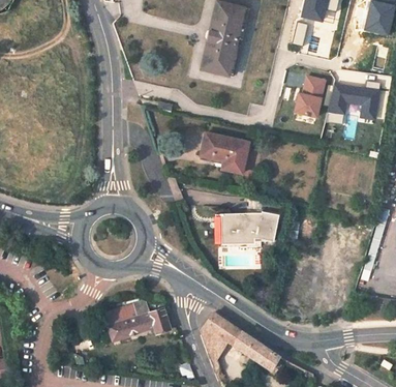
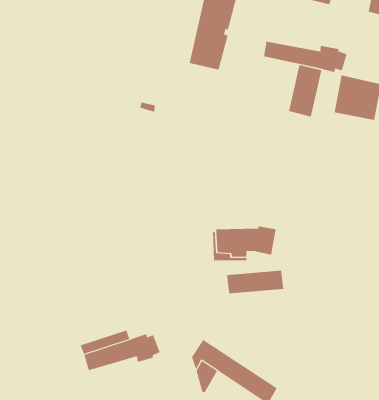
building: none -> [263,41,347,73]
building: [203,132,250,173] -> none
building: none -> [226,270,284,294]

